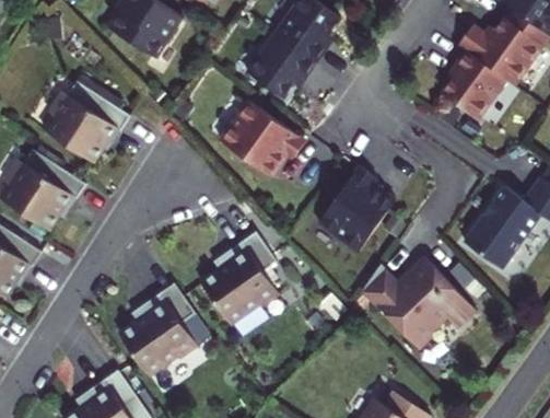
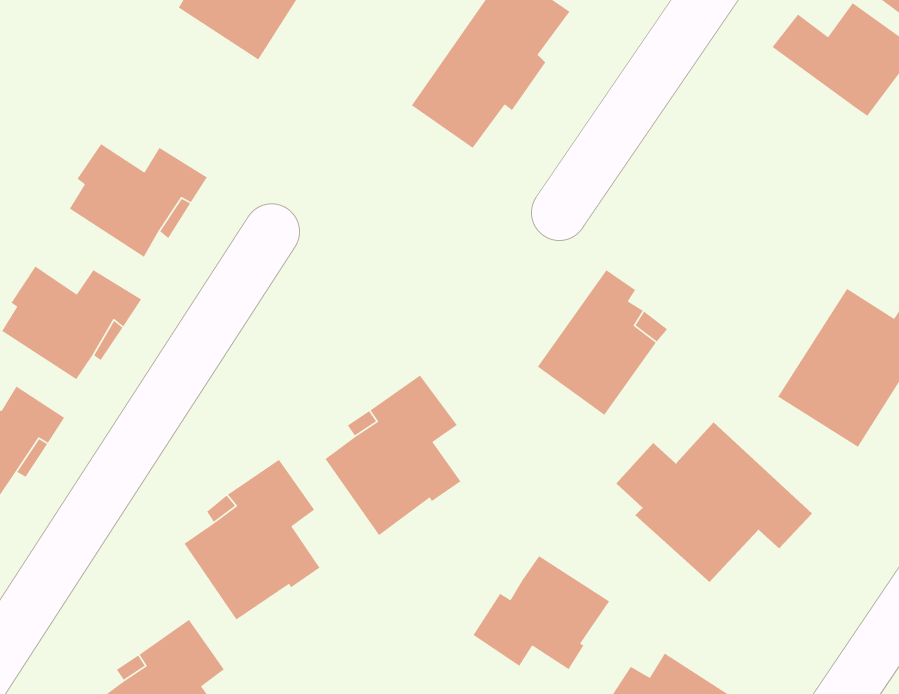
building: [441,45,506,115] -> none
building: [215,97,301,169] -> none
building: none -> [473,555,610,670]

